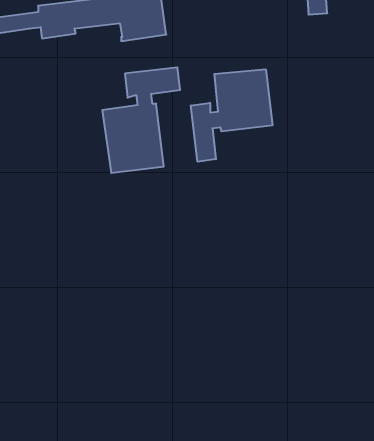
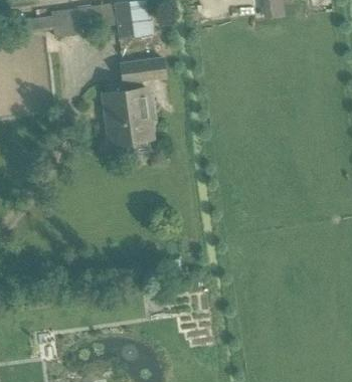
building: [191,69,272,162] -> none

